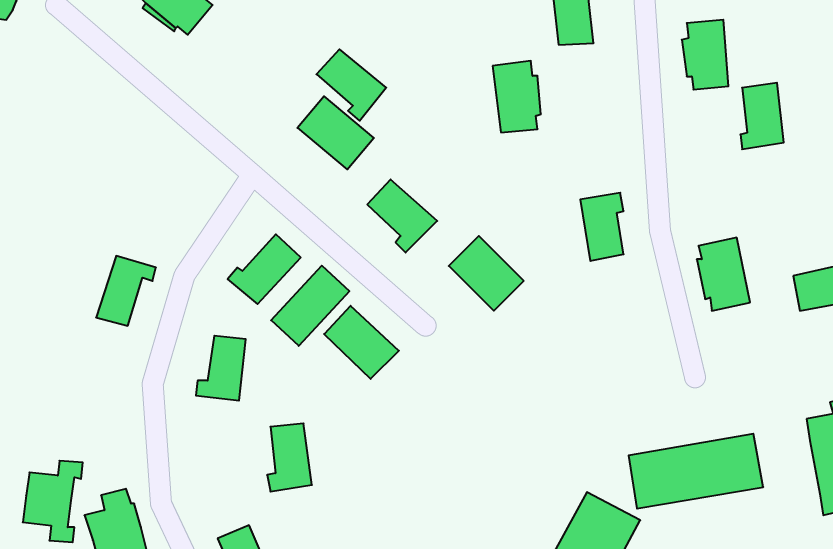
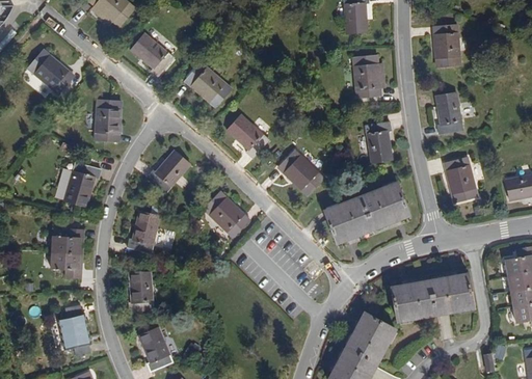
building: [316,49,386,121] -> [132,33,176,78]
building: [493,61,541,132] -> [348,56,378,101]
building: none -> [28,48,73,93]
building: [740,83,784,149] -> [430,88,457,130]
building: none -> [92,102,121,143]
building: [271,266,349,346] -> none
building: none -> [326,186,413,251]
building: [267,423,312,492] -> [126,274,154,317]
building: [23,461,83,542] -> [47,234,84,285]

